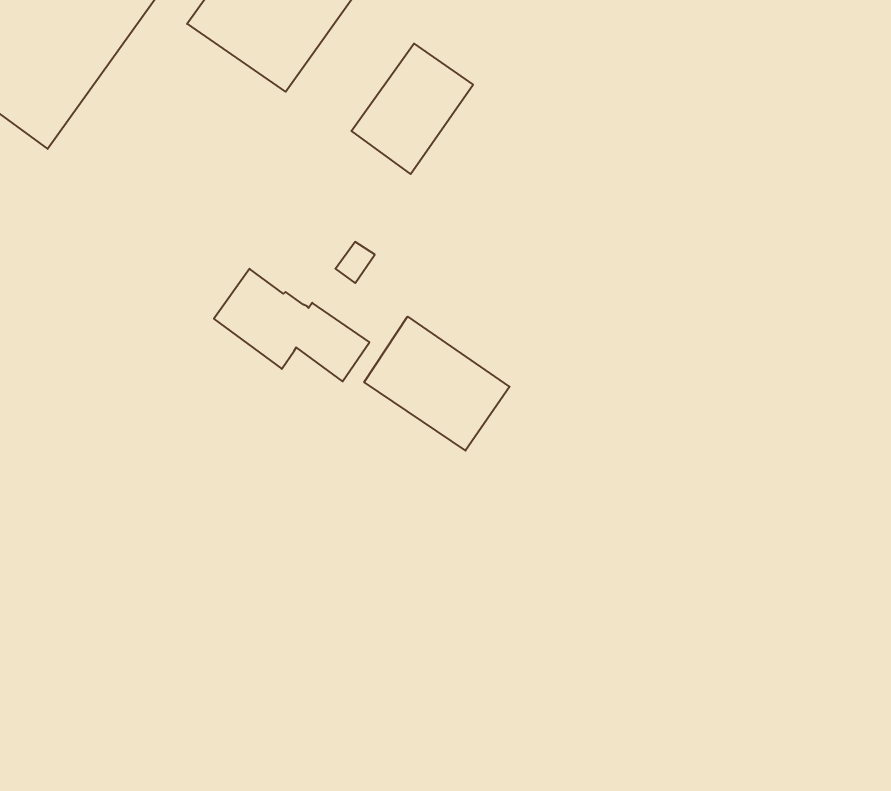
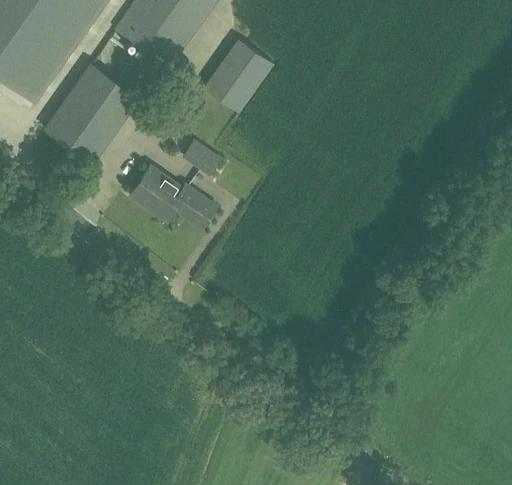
building: none -> [46,62,139,160]
building: [364,317,510,451] -> none

